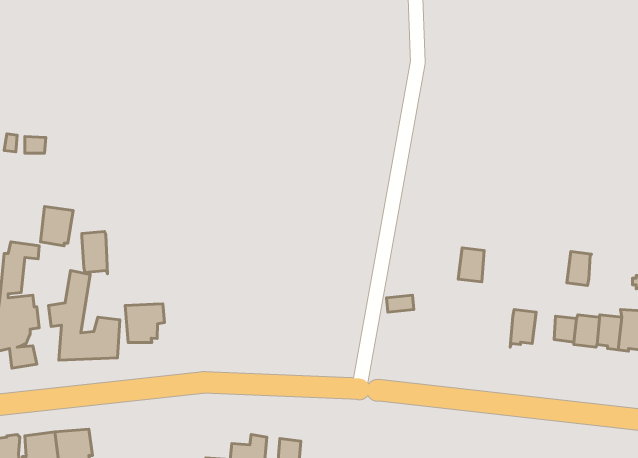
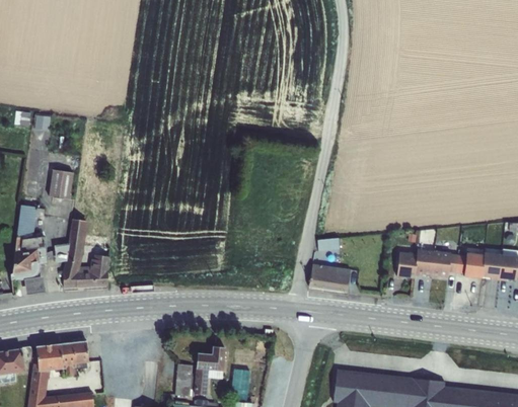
building: [82,231,107,274] -> none
building: [458,248,484,282] -> [396,252,417,278]
building: [567,252,591,285] -> [432,251,451,277]
building: [125,304,164,343] -> none
building: none -> [309,264,351,292]

